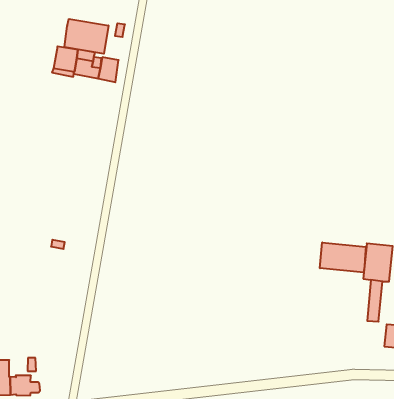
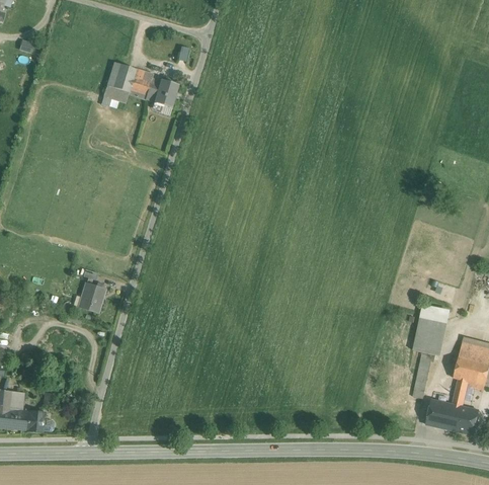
building: [64,19,108,54] -> none
building: [320,242,366,273] -> none
building: none -> [78,282,104,312]

